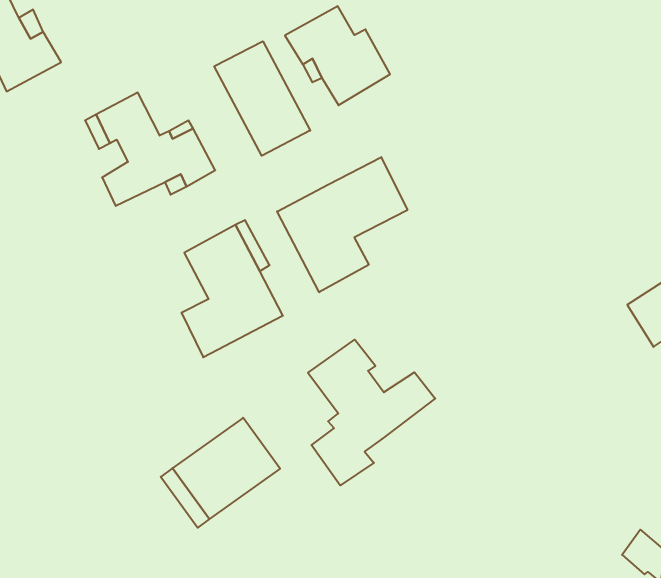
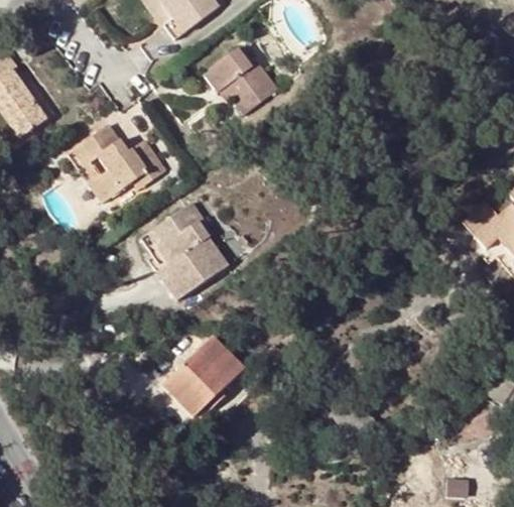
building: [214,41,310,156] -> none
building: [277,157,407,292] -> none
building: [308,340,435,485] -> none

